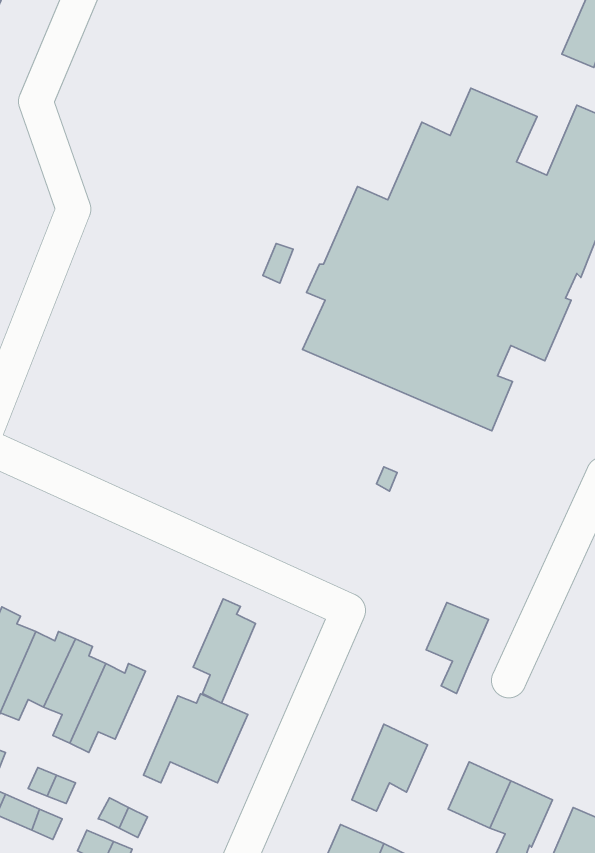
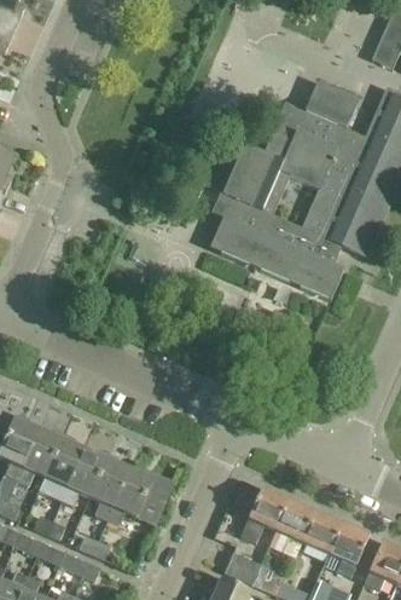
building: [193,599,256,703] -> [89,452,129,519]
building: [426,603,489,693] -> [275,500,315,558]

